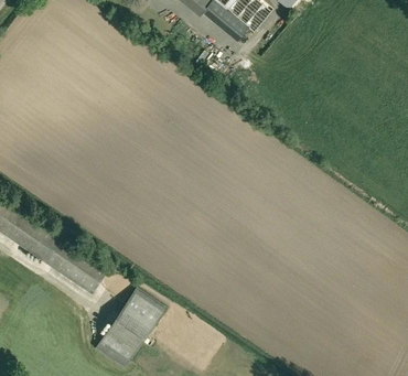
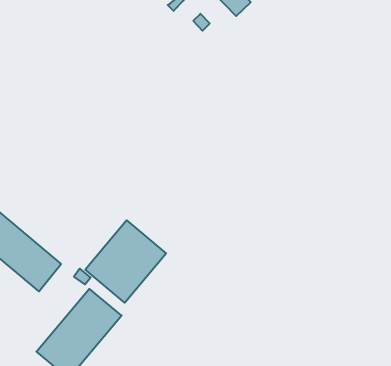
building: none -> [85,220,166,303]

